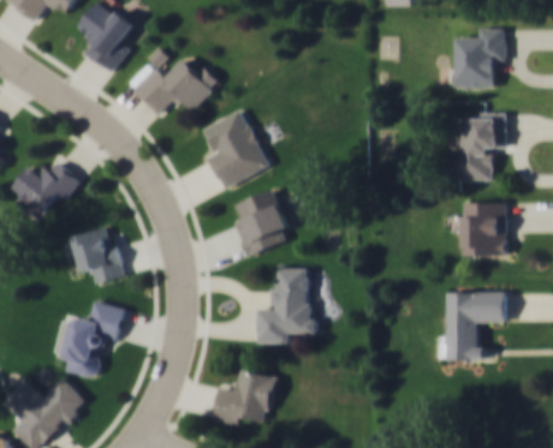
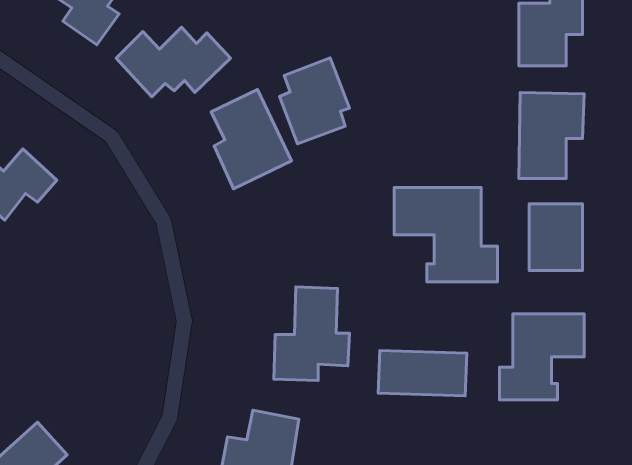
building: [232,186,289,256] -> [280,58,349,144]
building: none -> [394,188,497,282]
building: [72,225,125,281] -> none
building: [54,299,124,378] -> none
building: none -> [378,350,467,396]

